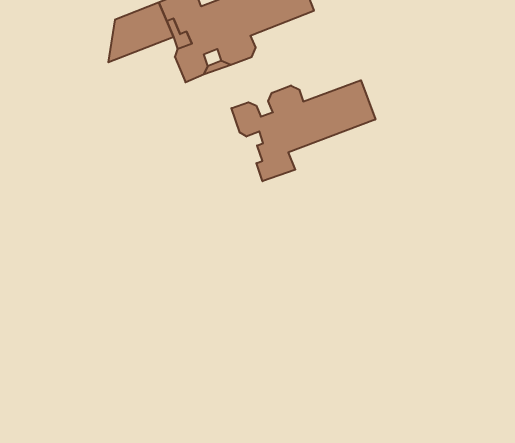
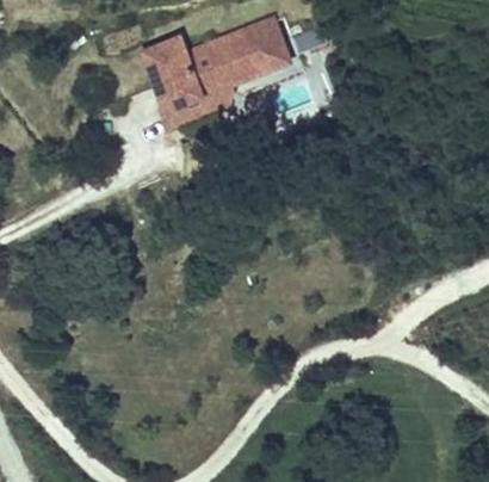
building: [231,80,375,181] -> none

